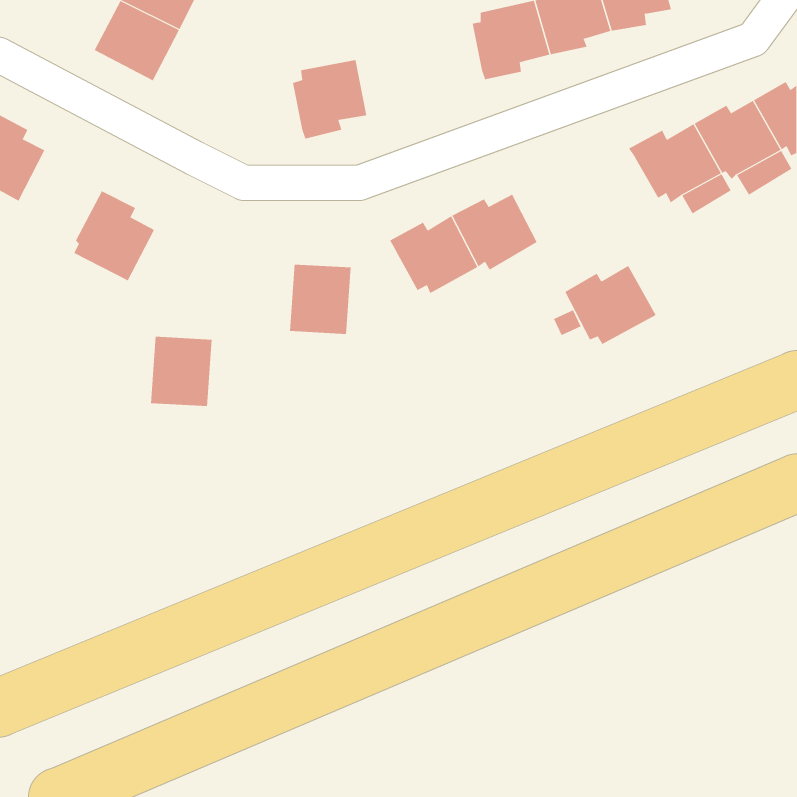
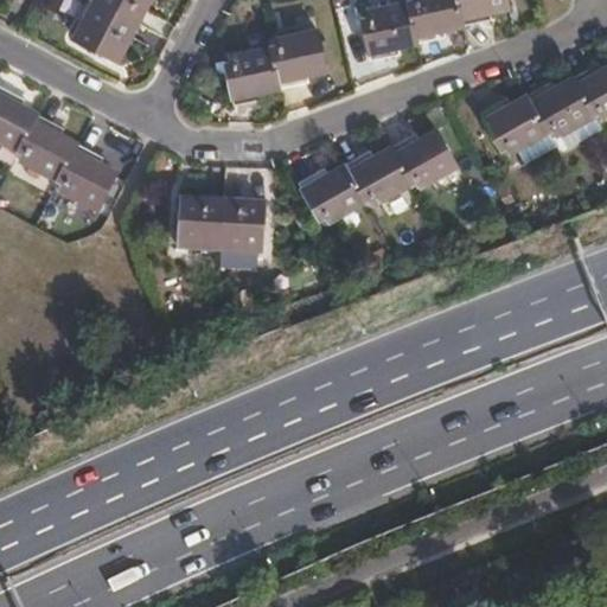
building: none -> [270,27,327,88]
building: none -> [14,114,77,183]
building: [564,265,657,345] -> [389,127,459,187]
building: [150,336,213,407] -> [175,198,223,251]

